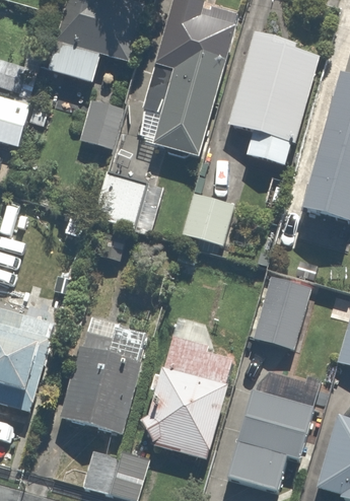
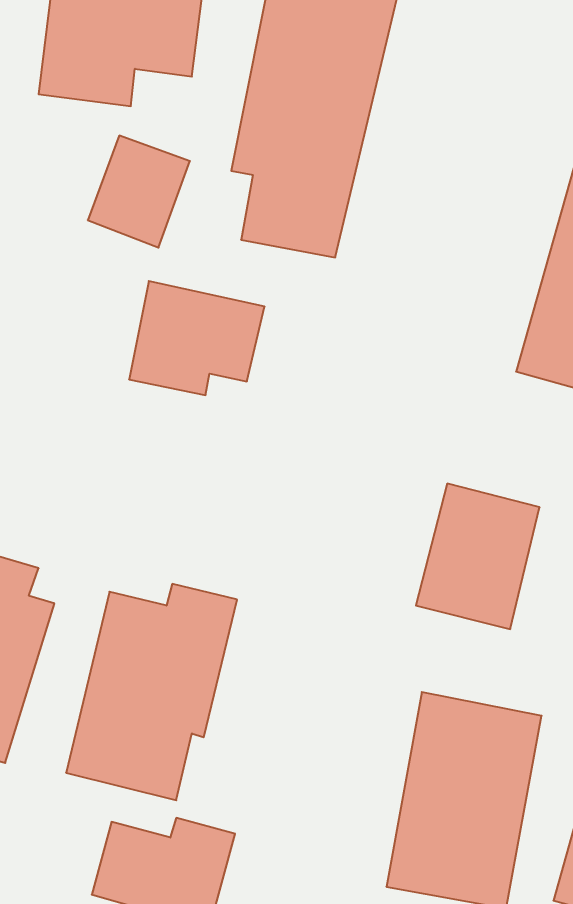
building: [229,30,320,167] -> none
building: [184,188,233,242] -> none
building: [142,335,238,461] -> none

